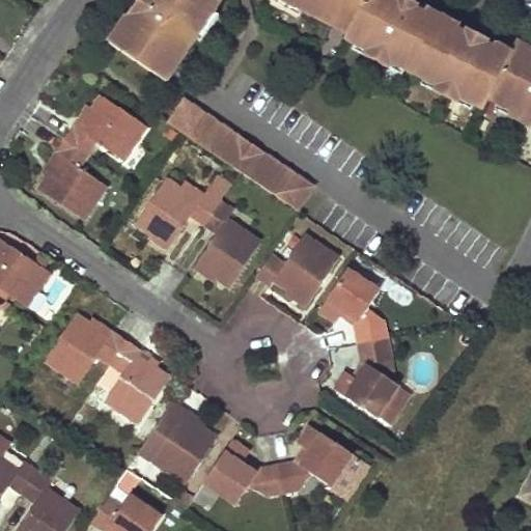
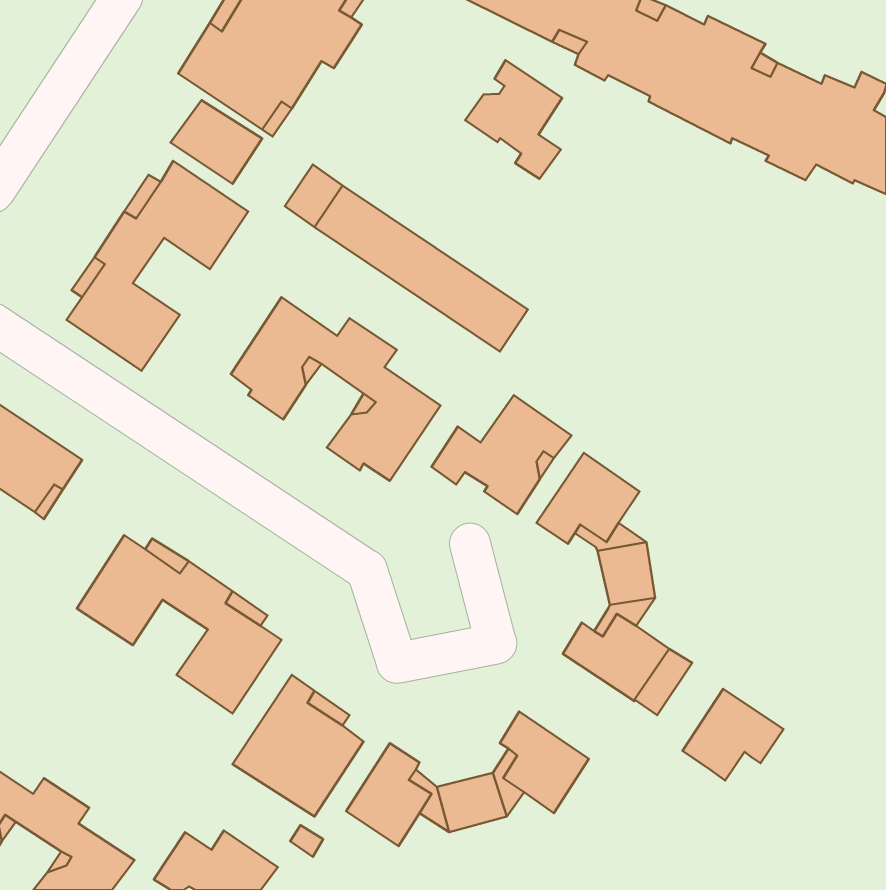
building: none -> [465,60,562,179]
building: none -> [170,100,262,184]
building: none -> [682,689,783,780]

